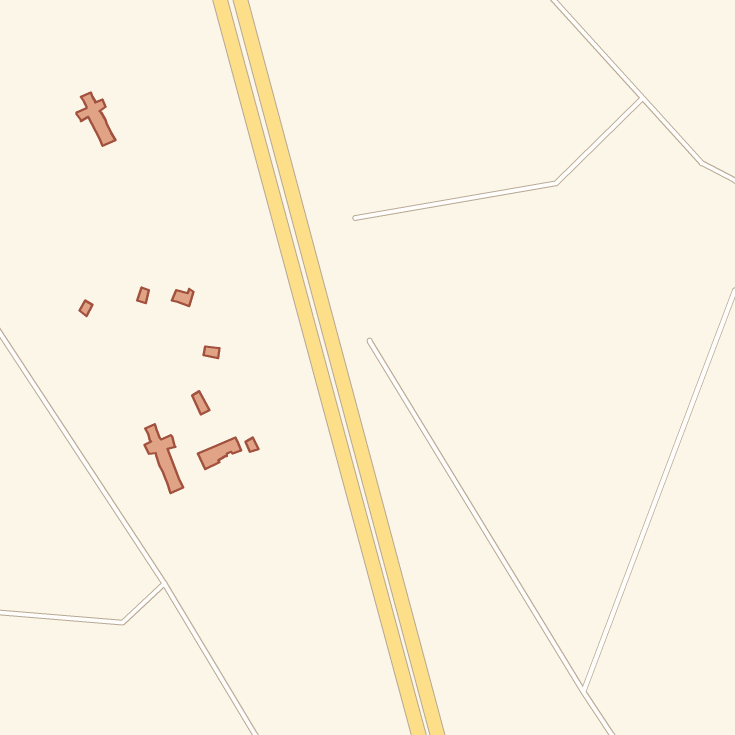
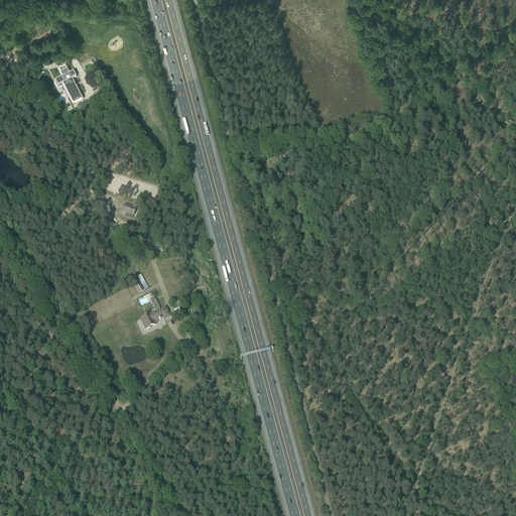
building: [144,424,183,493] -> none

